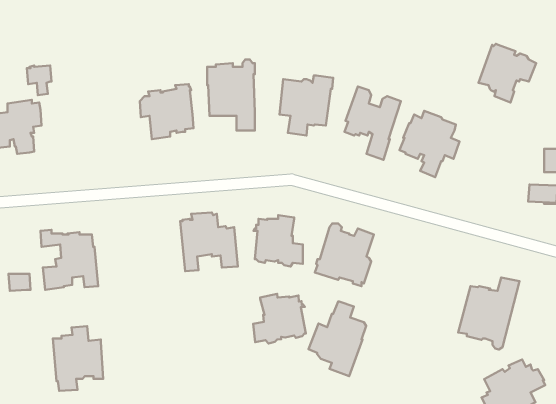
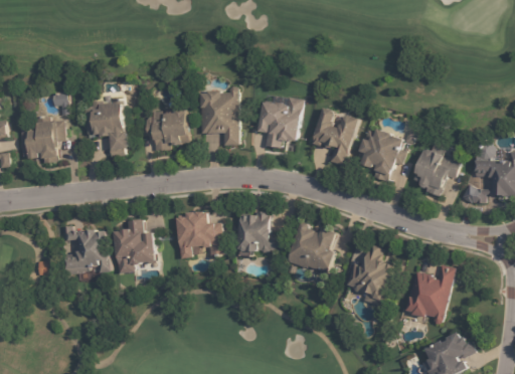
building: [479,44,536,102] -> [413,148,461,196]
building: none -> [84,103,129,158]
building: [253,294,306,344] -> none
building: [309,301,366,376] -> [346,244,393,306]
building: [53,326,103,391] -> [114,220,155,273]

